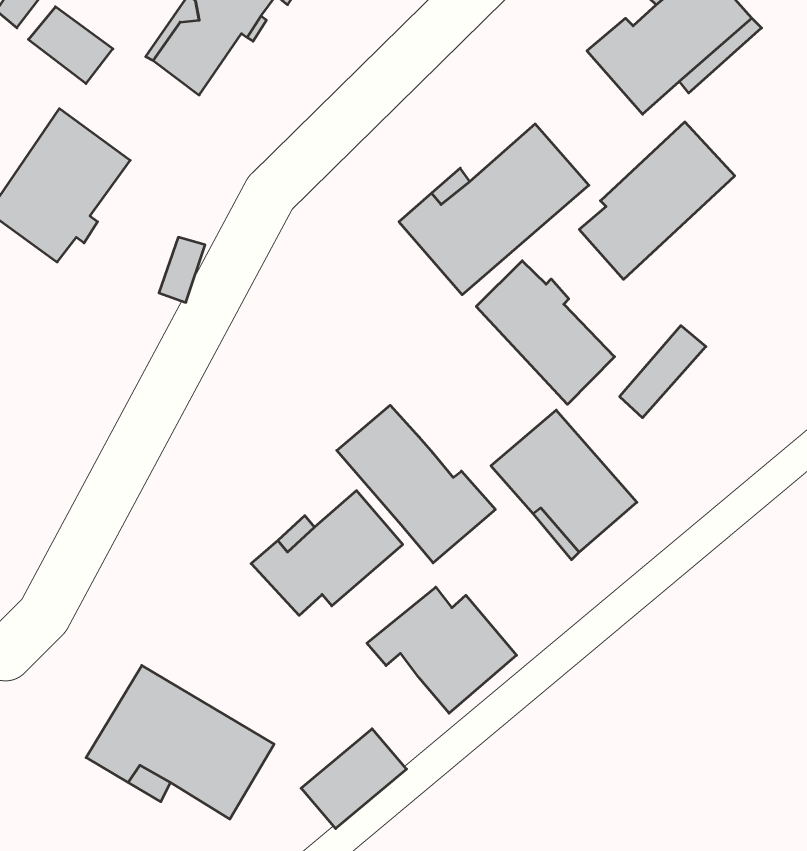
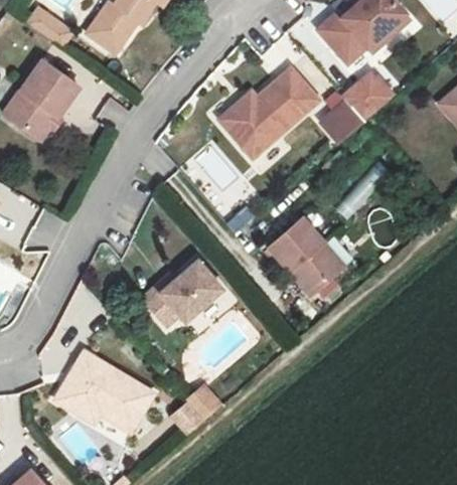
building: [476,261,615,404] -> none
building: [337,405,495,563] -> none
building: [367,587,517,713] -> none

